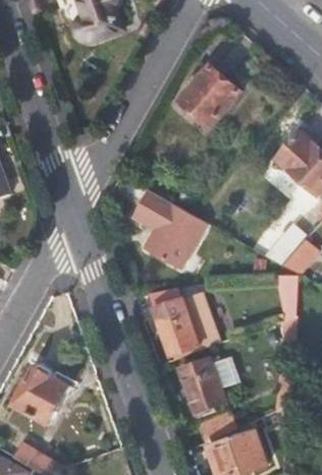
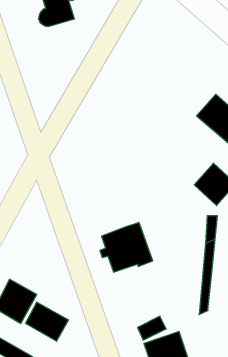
building: [186,74,250,138] -> none
building: [133,191,207,272] -> none
building: [178,359,225,413] -> none
building: none -> [26,302,68,341]

